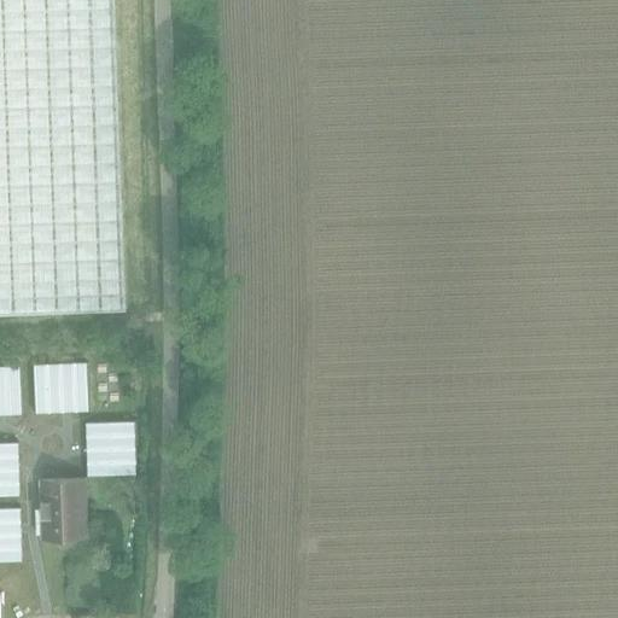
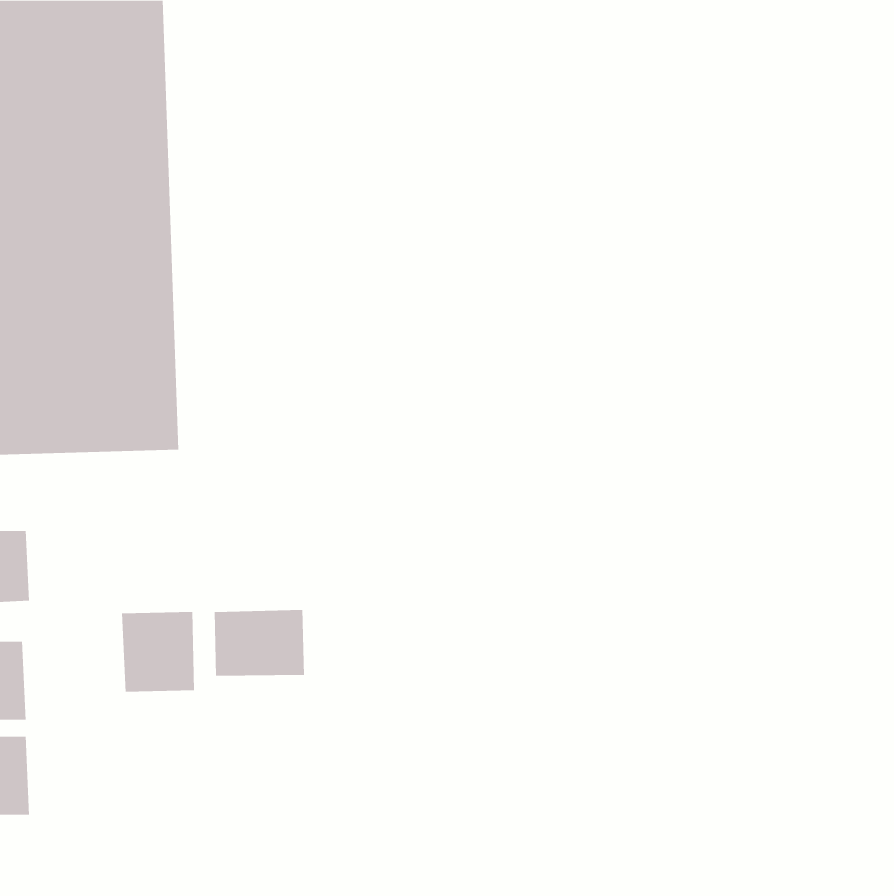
building: [31,362,87,414] -> none
building: none -> [214,609,305,676]
building: [39,479,84,547] -> none

